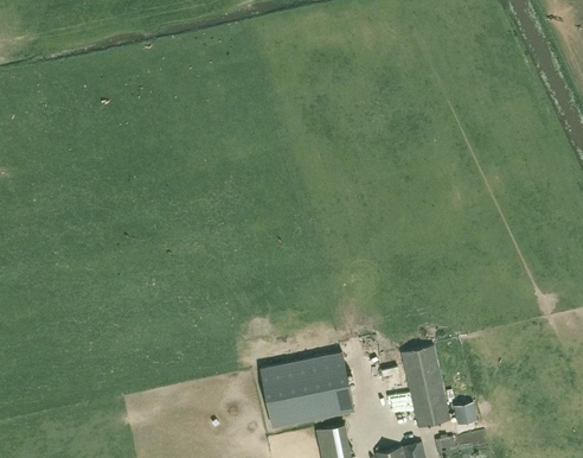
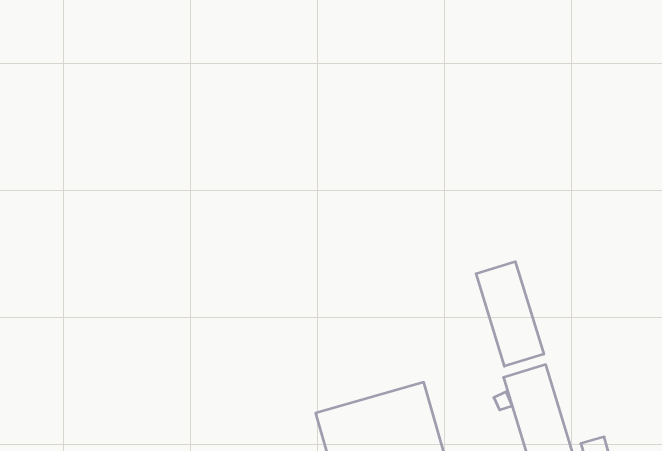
building: none -> [476,262,544,366]

